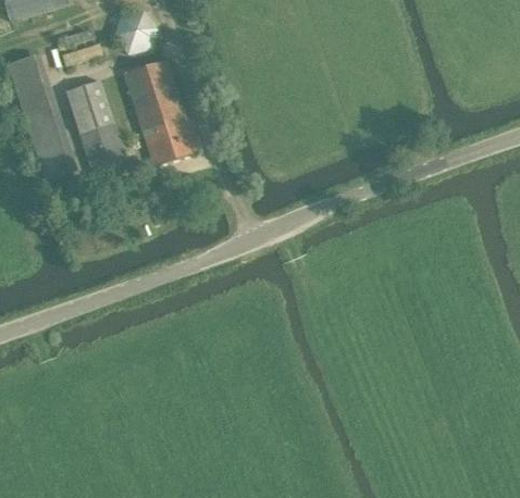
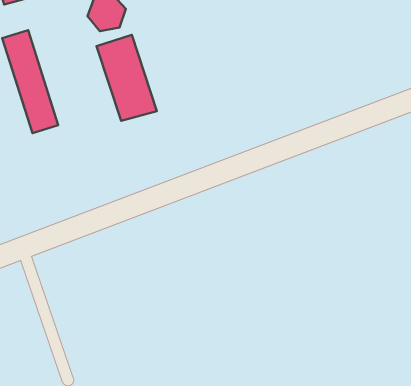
building: [65,79,127,174] -> none

